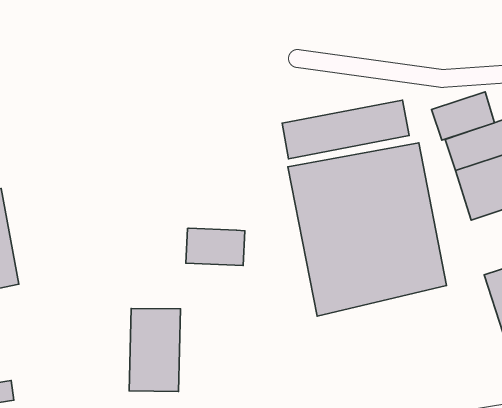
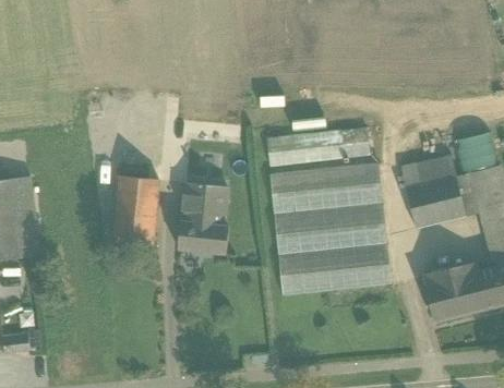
building: [432,92,494,140] -> none
building: none -> [182,180,226,222]
building: [129,308,180,391] -> [112,173,159,244]

